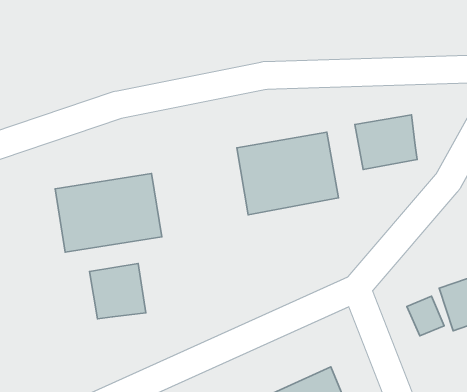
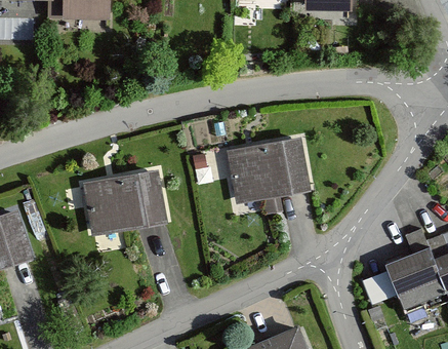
building: [355,115,417,169] -> none
building: [90,263,146,319] -> none

